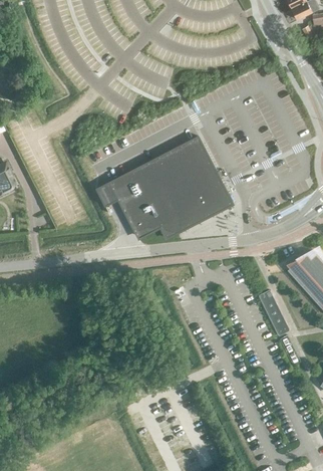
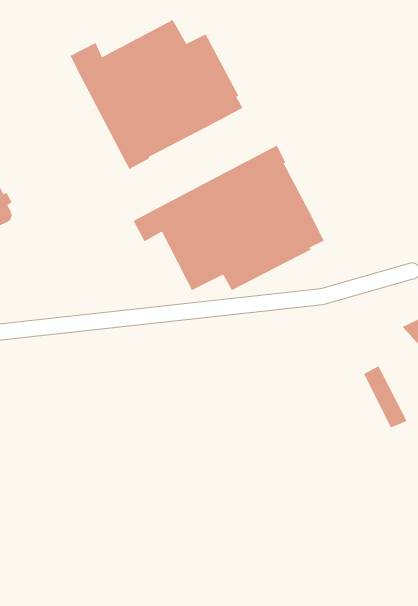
building: none -> [70,19,243,170]

